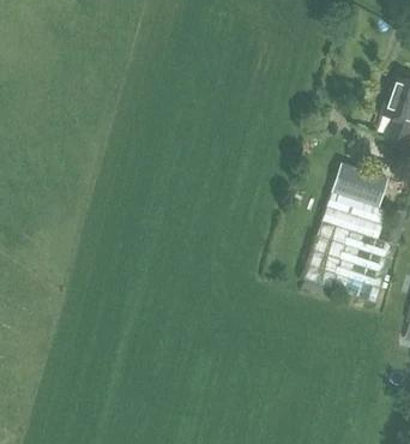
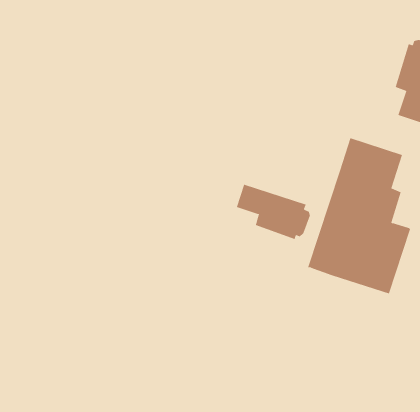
building: none -> [236,184,311,240]

